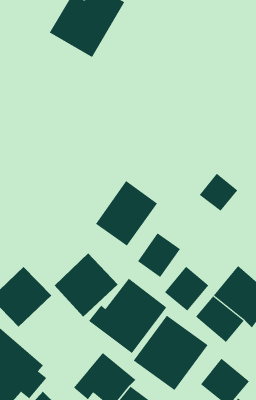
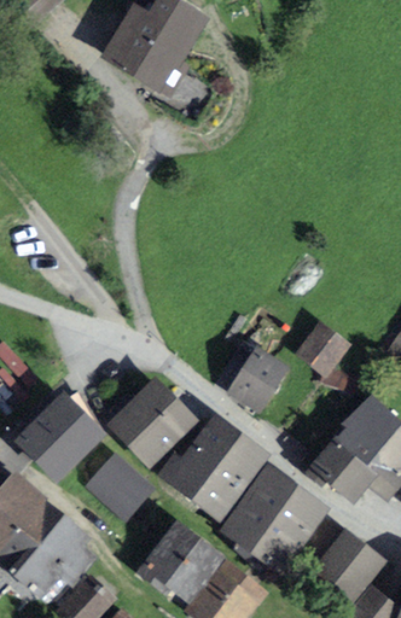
building: [199,173,238,212] -> [296,320,353,375]
building: [95,180,158,247] -> none
building: [164,266,209,312] -> none
building: none -> [83,450,156,521]

